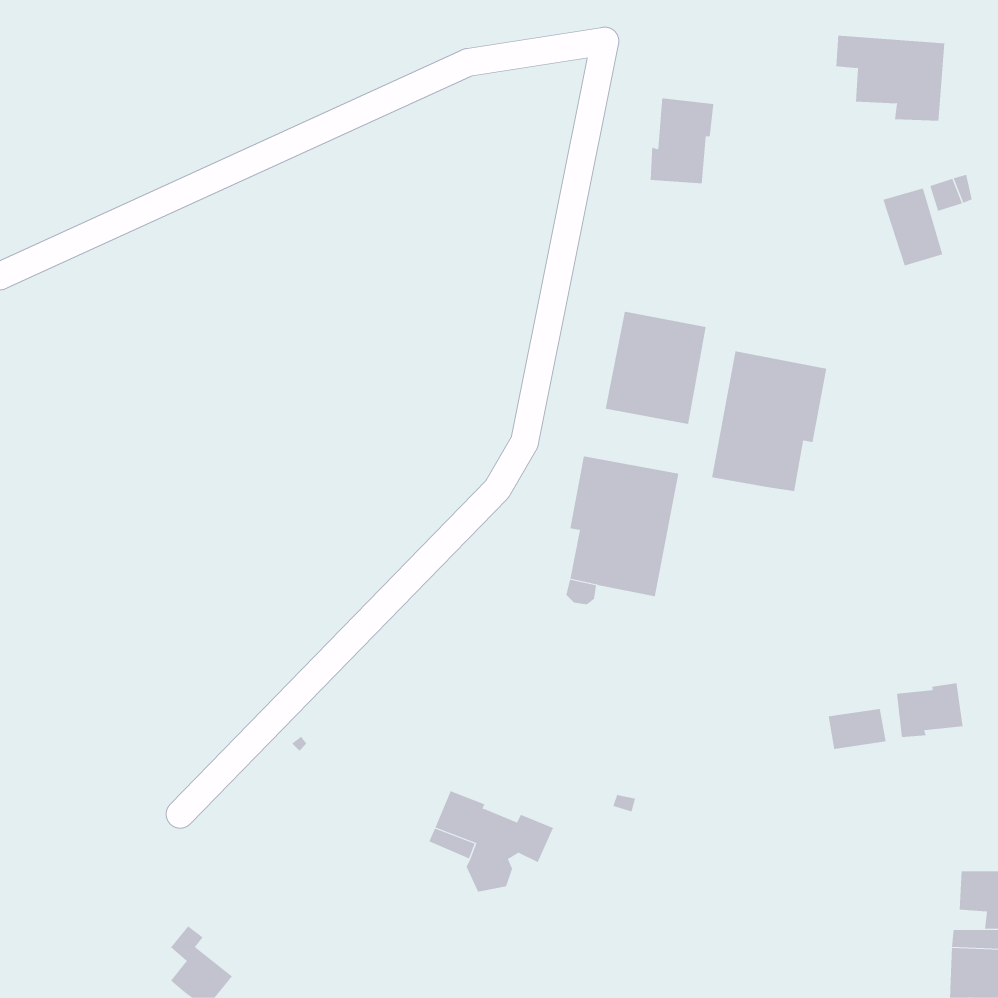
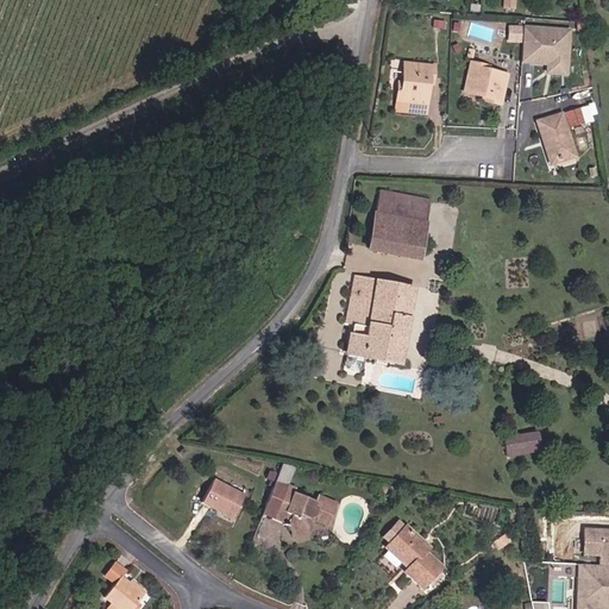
building: none -> [464,61,508,103]
building: [711,350,827,492] -> none
building: [897,682,963,738] -> none
building: none -> [201,478,244,517]
building: none -> [385,526,440,588]

